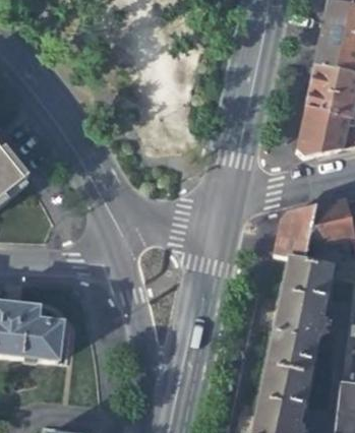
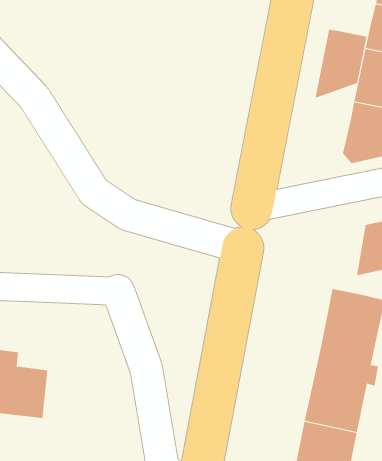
building: none -> [315,29,367,99]
building: [276,205,316,259] -> none

